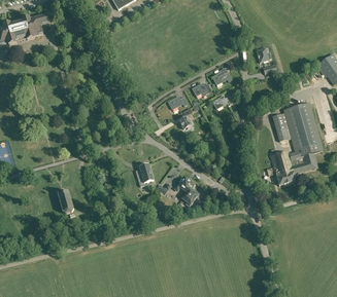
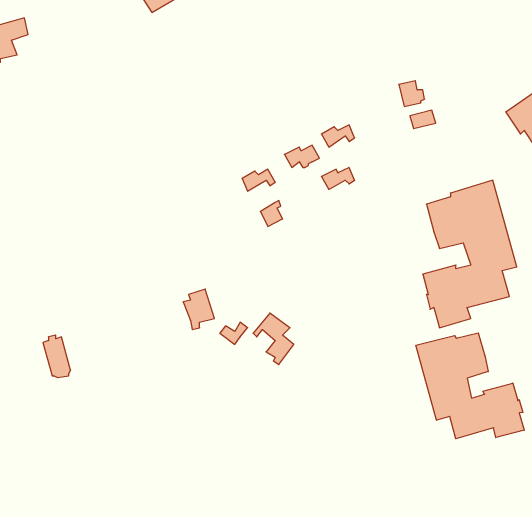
building: none -> [416,333,524,439]

